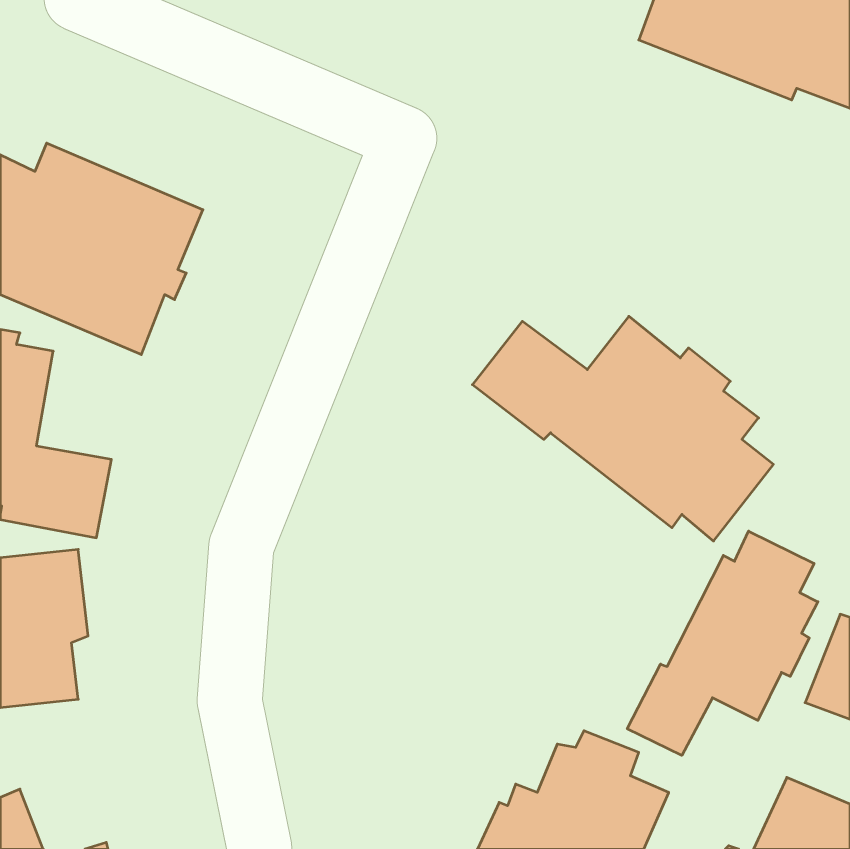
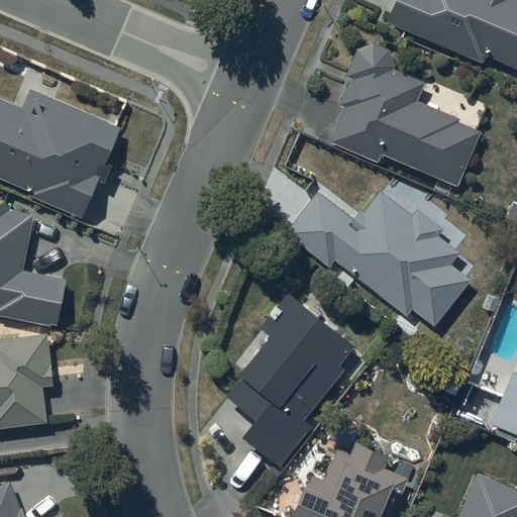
building: none -> [329,45,481,188]
building: none -> [225,293,358,470]
building: [627,531,818,755] -> none

